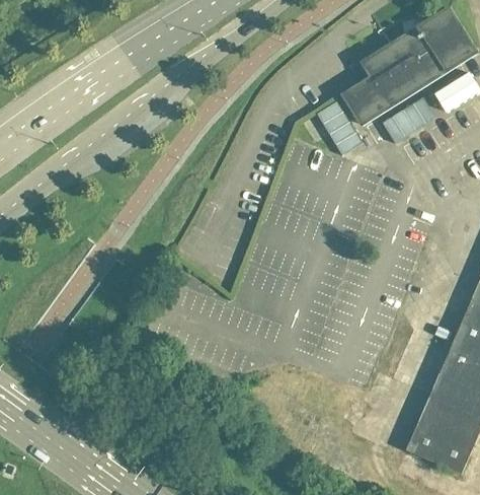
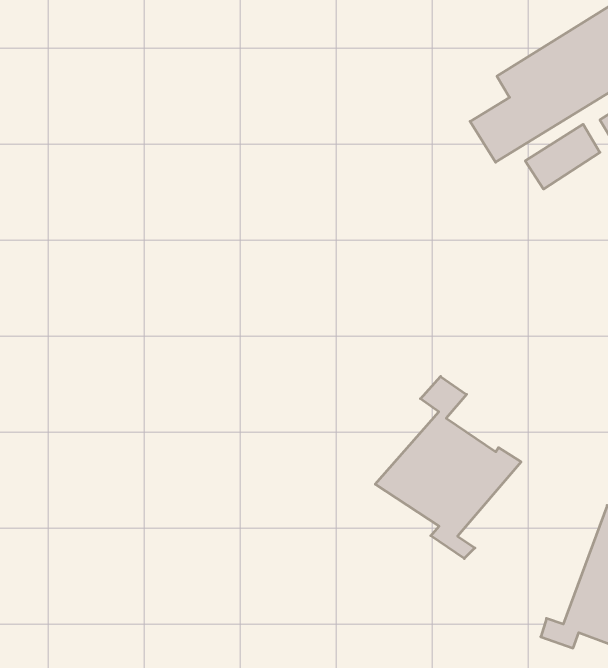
building: [316,98,363,153] -> none
building: none -> [375,376,521,559]

